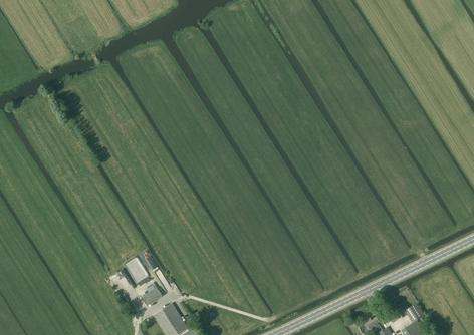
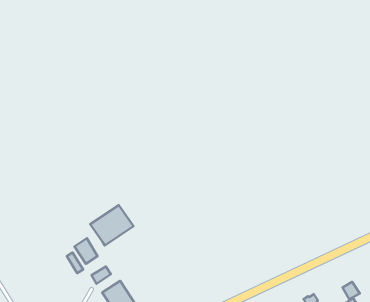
building: none -> [90,205,133,245]

